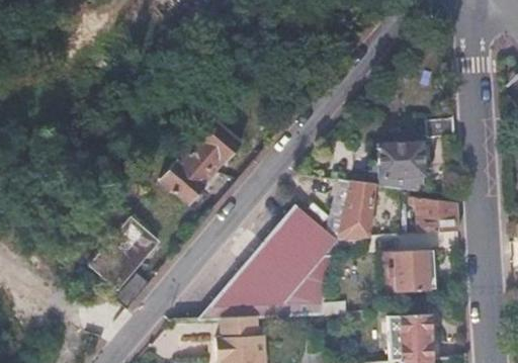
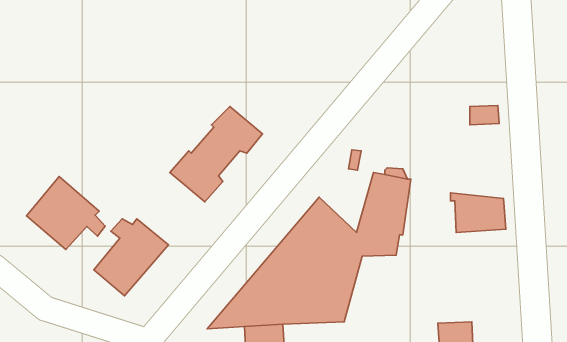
building: [377,142,425,177] -> none
building: none -> [27,177,105,249]
building: [381,250,431,292] -> none

